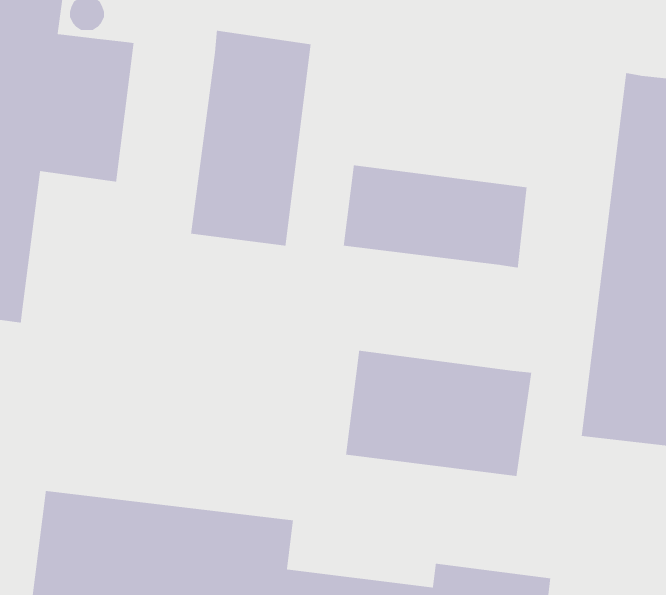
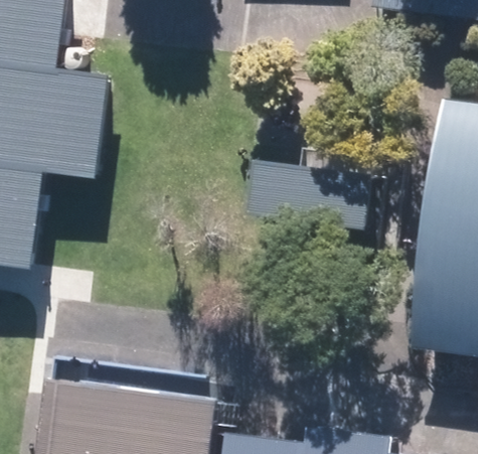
building: [190,30,312,246] -> none
building: [345,350,532,477] -> none

